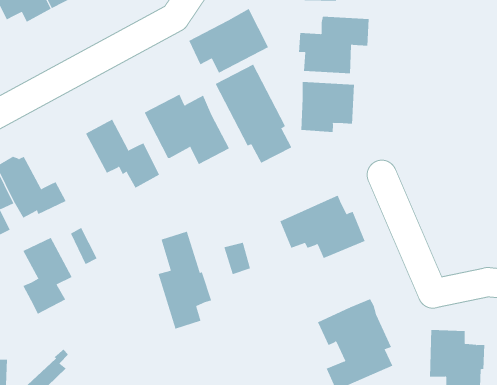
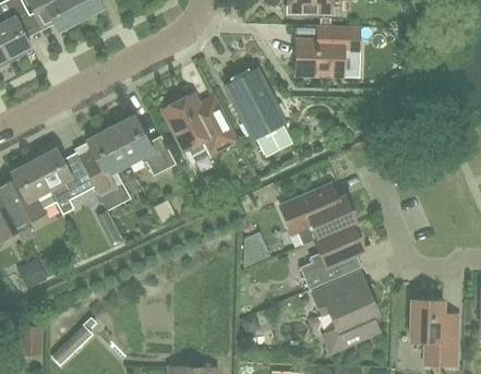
building: [189,8,269,73] -> none
building: [301,81,355,133] -> none
building: [158,231,212,330] -> none
building: [23,237,72,315] -> [84,129,128,196]
building: none -> [299,222,362,290]

